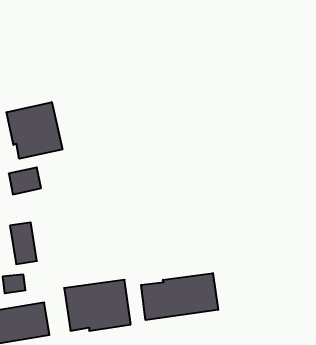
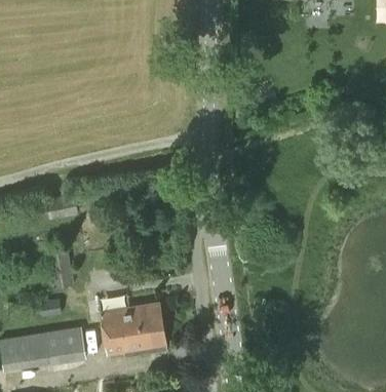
building: [7,102,62,159] -> none
building: [141,273,218,320] -> none

